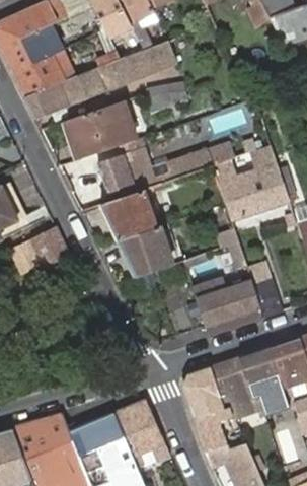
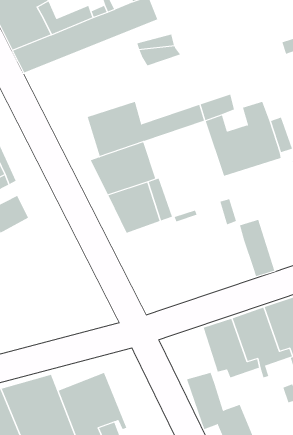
building: [66,100,136,158] -> none
building: [29,225,69,266] -> none
building: [191,277,259,327] -> none
building: [183,368,237,423] -> none
building: [114,400,171,467] -> none

